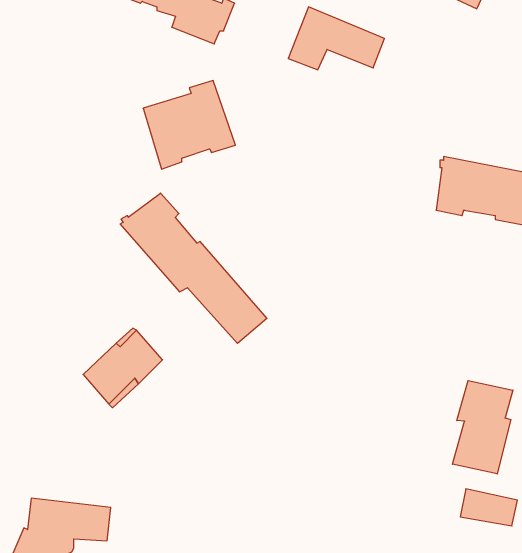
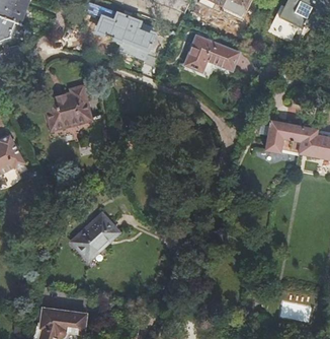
building: [143,81,235,169] -> [44,83,94,132]
building: [120,193,267,343] -> none
building: [452,381,513,474] -> none

